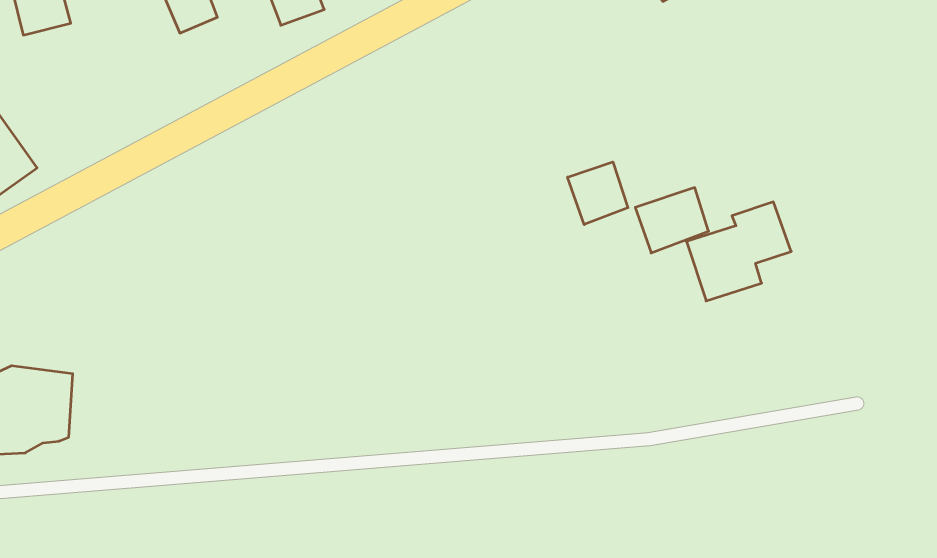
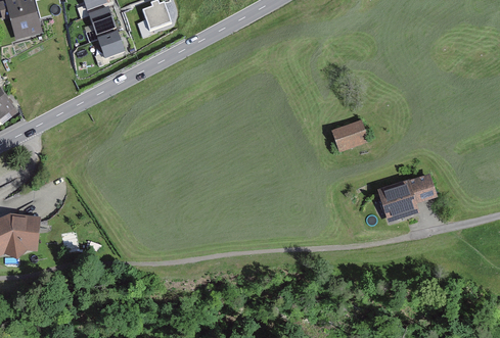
building: none -> [96,35,124,61]
building: [568,162,628,225] -> none
building: [686,202,791,301] -> [380,168,435,220]

